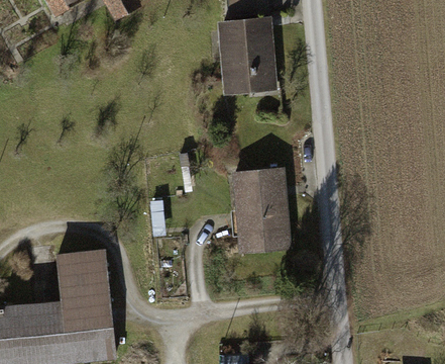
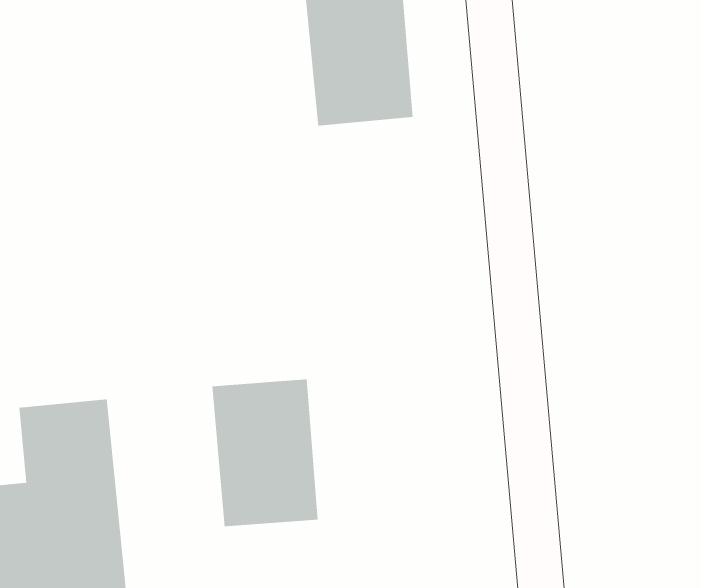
building: [229,170,290,254] -> [212,379,318,527]

